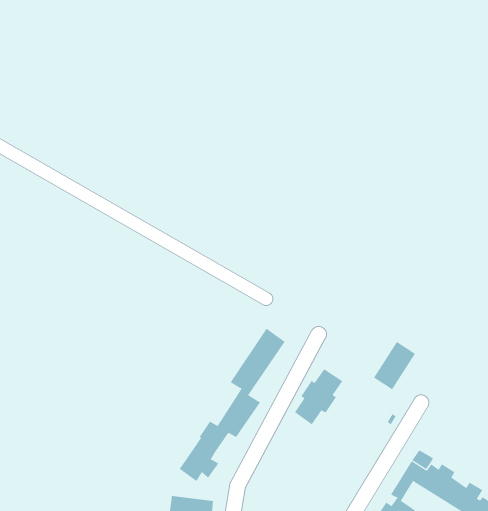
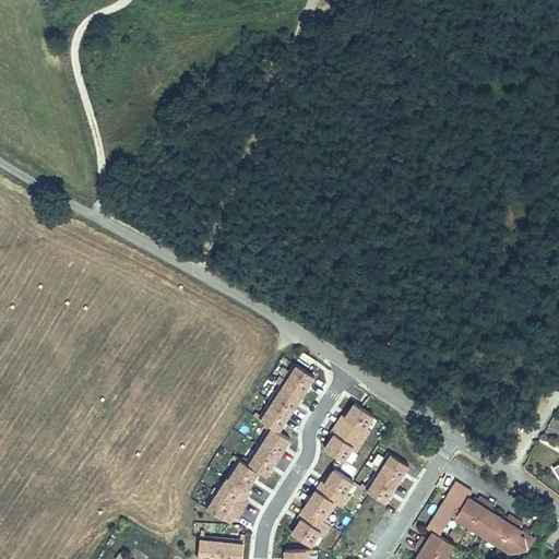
building: [373,341,416,390] -> [367,453,411,503]
building: none -> [293,468,354,545]

